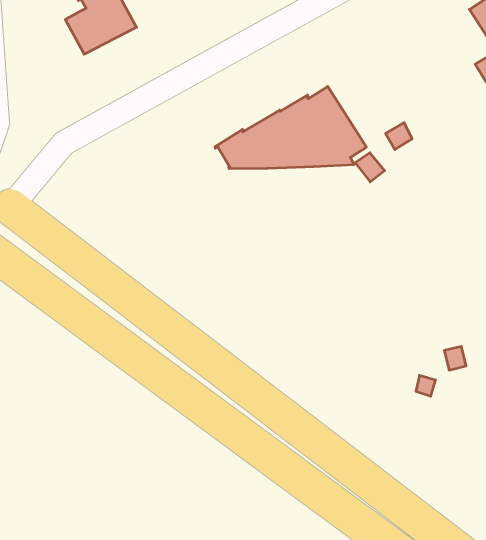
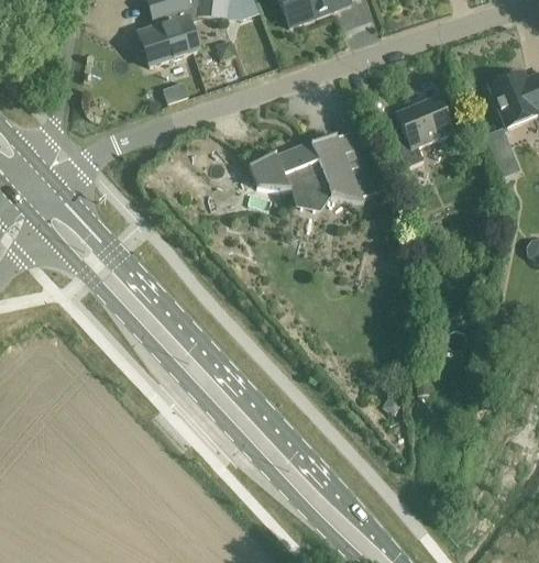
building: none -> [395,96,452,167]

